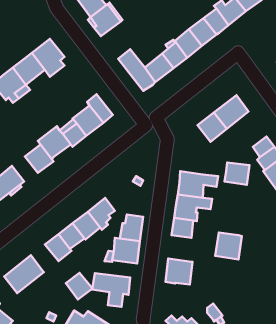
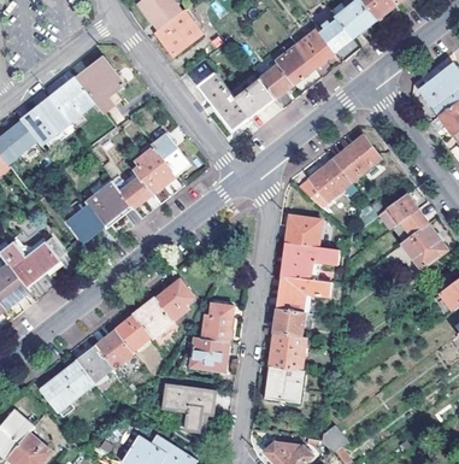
building: [224,162,250,185] -> [284,216,319,247]
building: [215,233,242,259] -> [267,331,305,369]
building: [66,273,92,300] -> [76,345,113,382]

